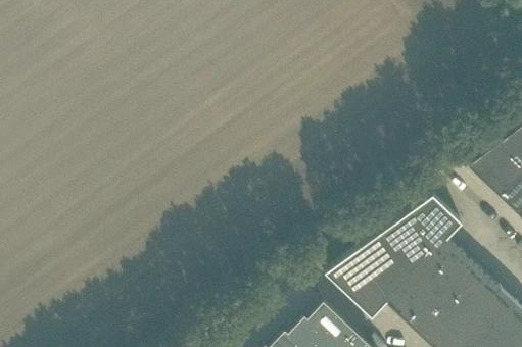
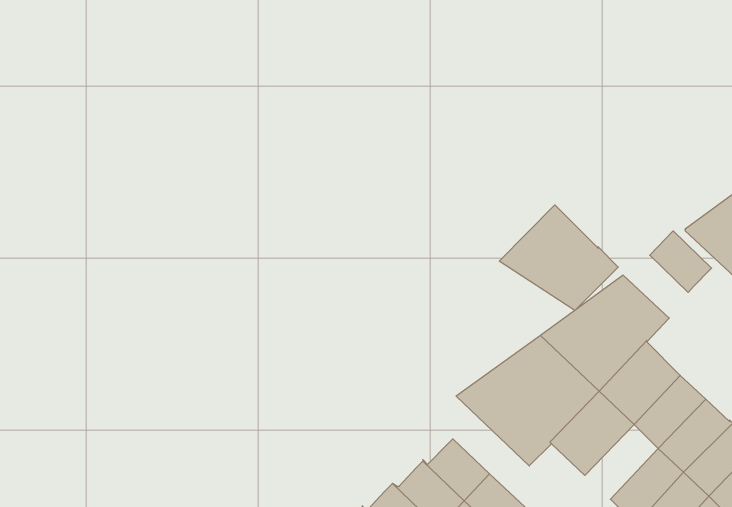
building: none -> [499,205,618,311]
building: none -> [650,231,712,292]
building: [410,292,457,340] -> none

